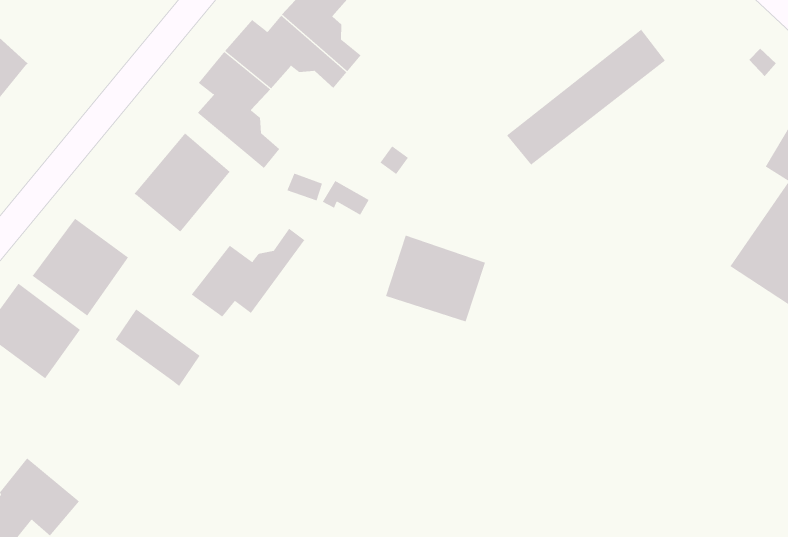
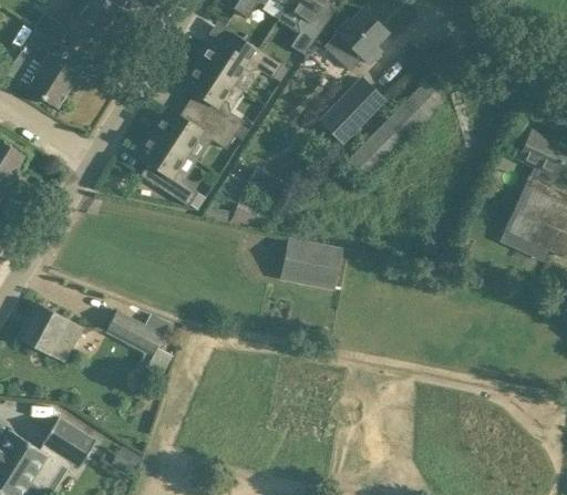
building: none -> [317,75,386,145]
building: [133,133,230,233] -> none
building: [32,218,129,317] -> none
building: [191,228,305,318] -> none

